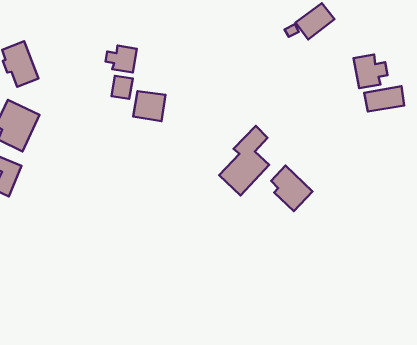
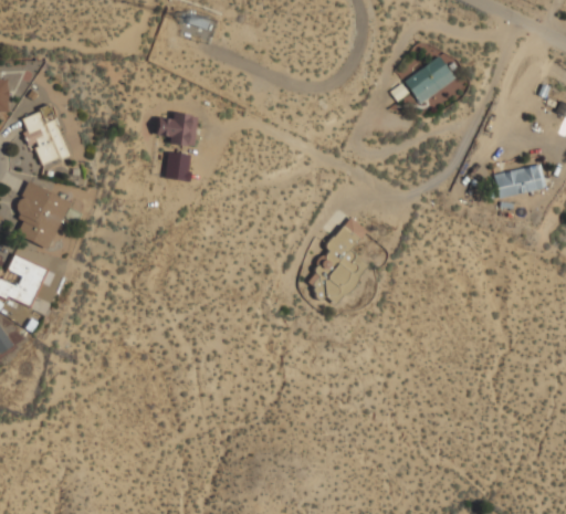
building: [353,54,387,88] -> none
building: [133,91,166,121] -> none
building: [271,166,312,211] -> none

